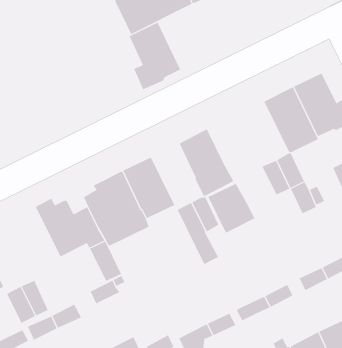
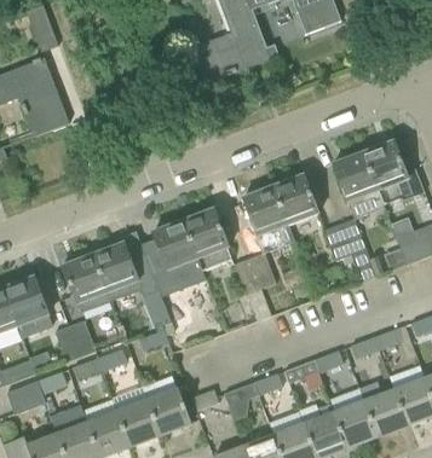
building: [129,22,181,90] -> none
building: [207,183,255,234] -> [272,174,318,224]
building: none -> [62,247,111,312]

